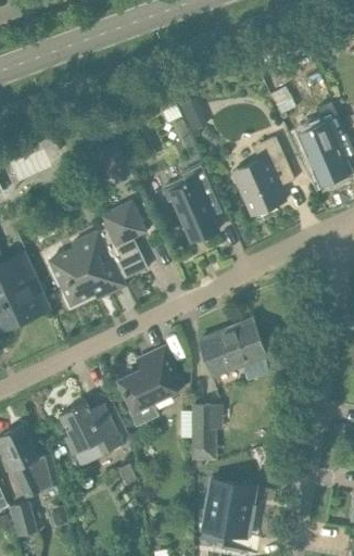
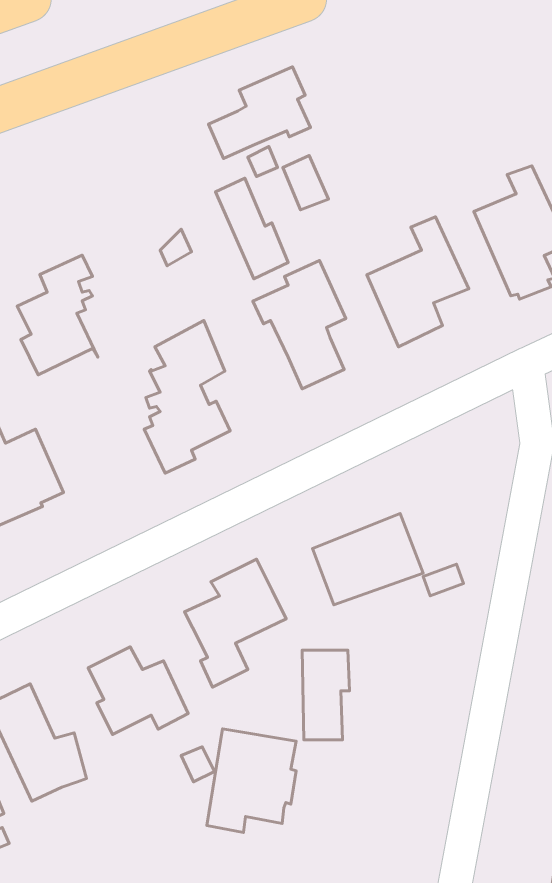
building: none -> [208,67,310,159]
building: none -> [216,178,288,279]
building: [58,231,108,305] -> [17,255,98,375]
building: [201,479,256,543] -> [207,729,296,832]
building: [10,501,37,536] -> none

